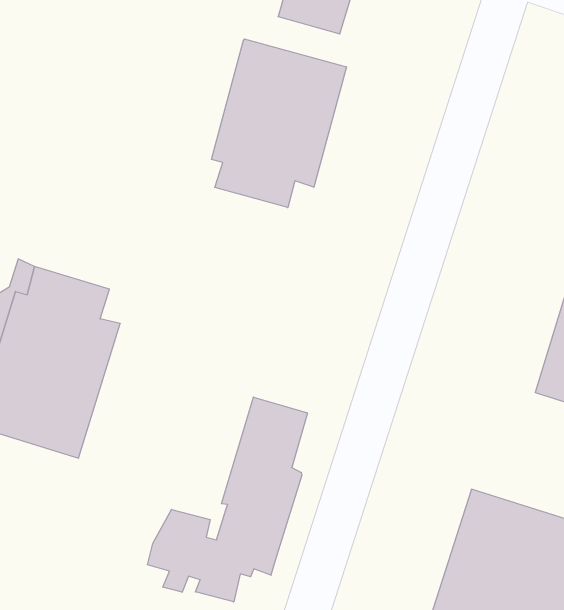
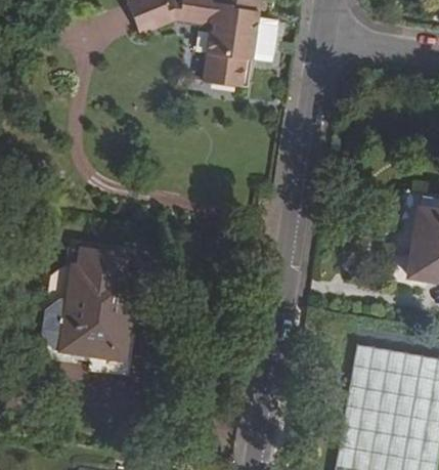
building: [211,39,346,208] -> none
building: [148,397,307,602] -> none

